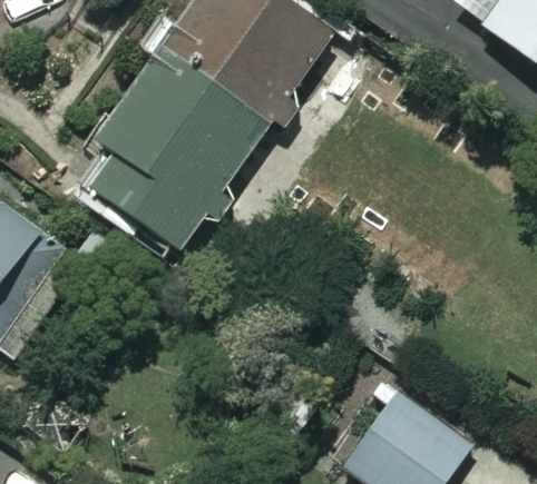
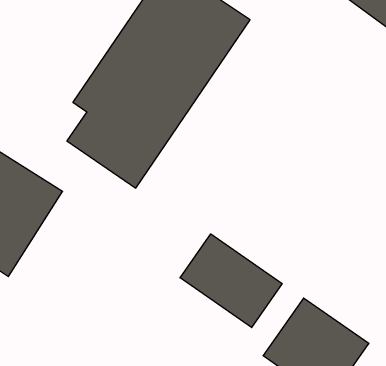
building: none -> [180,234,282,328]

